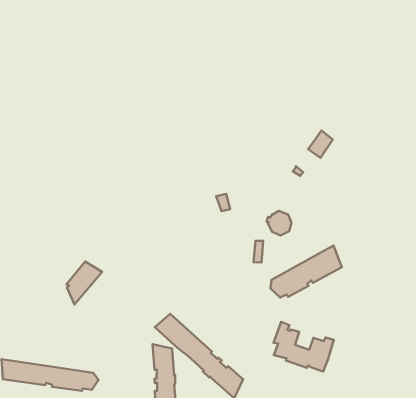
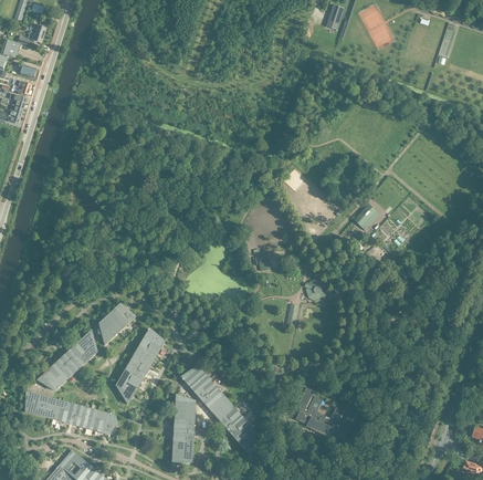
building: [271,246,342,298] -> none
building: none -> [115,327,161,403]
building: none -> [36,332,96,389]

